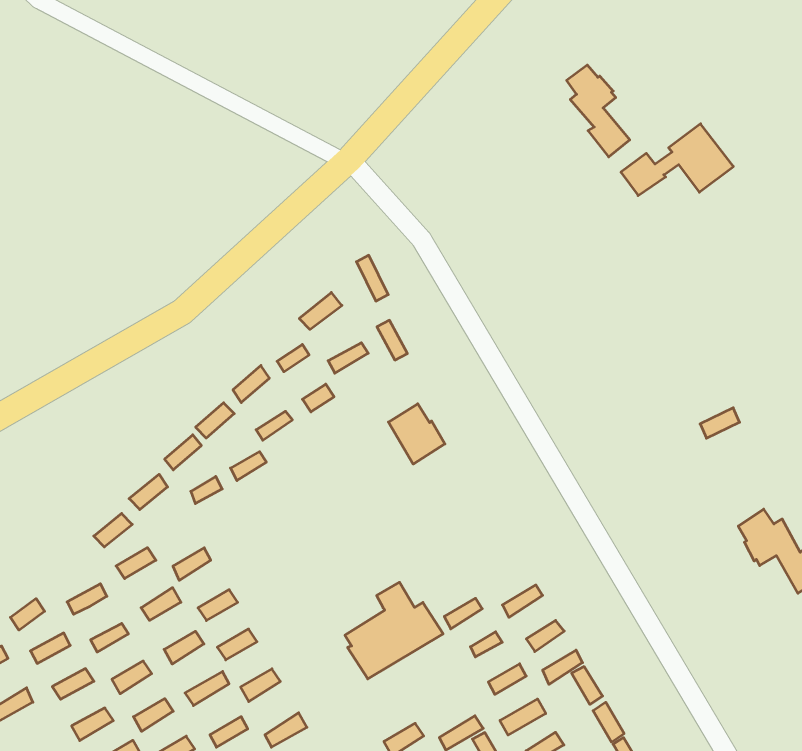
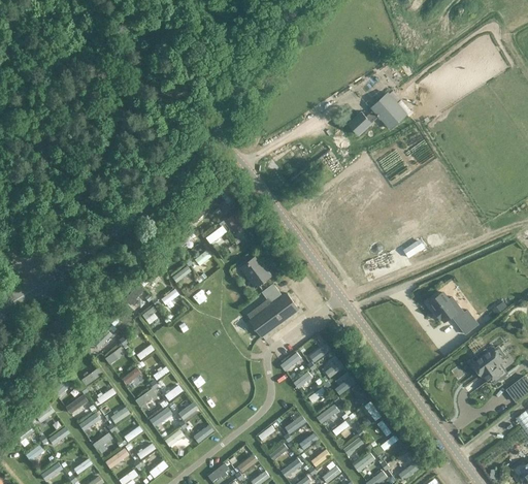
building: [567,65,630,157] -> none
building: [345,582,443,679] -> [248,283,299,335]

